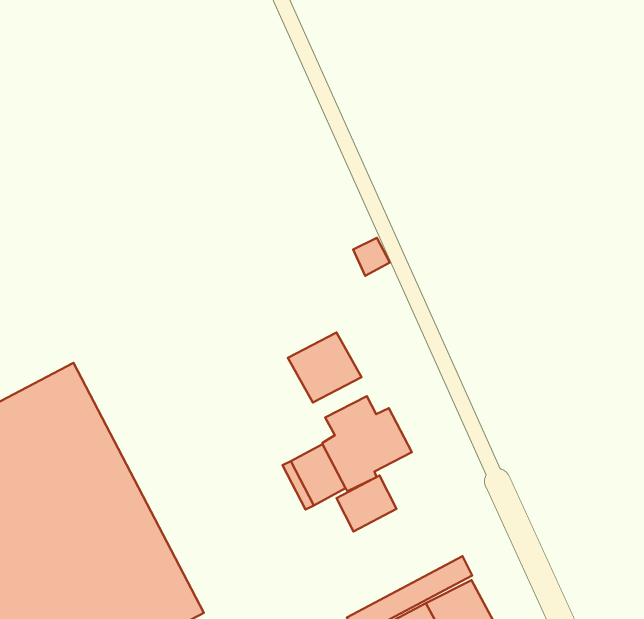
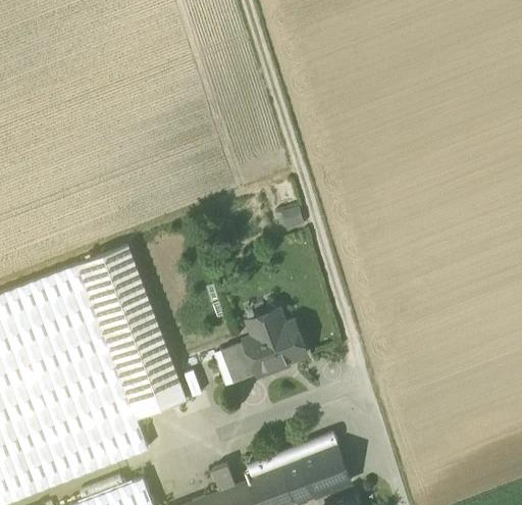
building: none -> [79,247,187,419]
building: [288,332,361,403] -> none
building: [337,476,397,532] -> none

